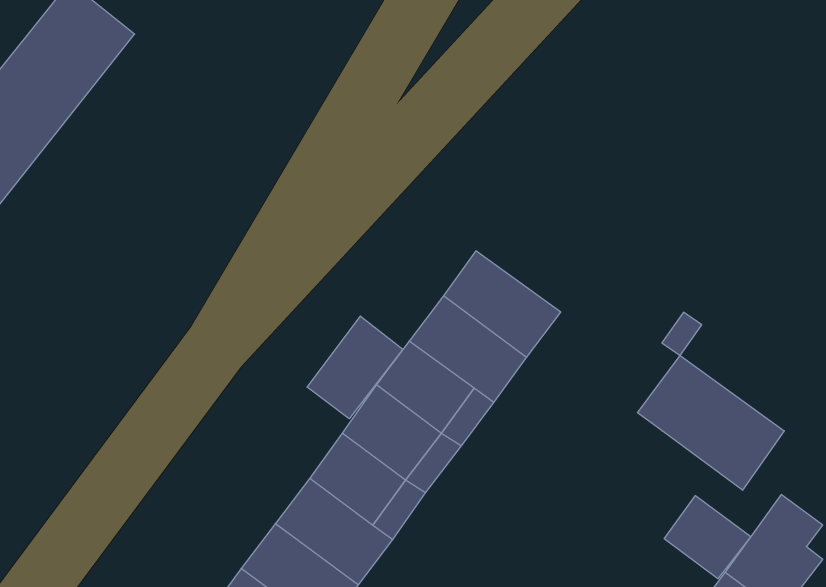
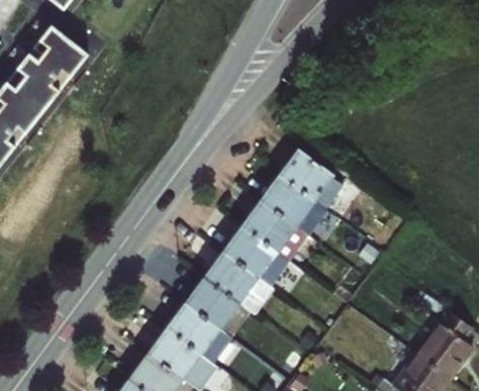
building: none -> [279,149,343,209]
building: [307,316,403,419] -> none
building: [637,356,784,490] -> none
building: [664,496,751,579] -> none

